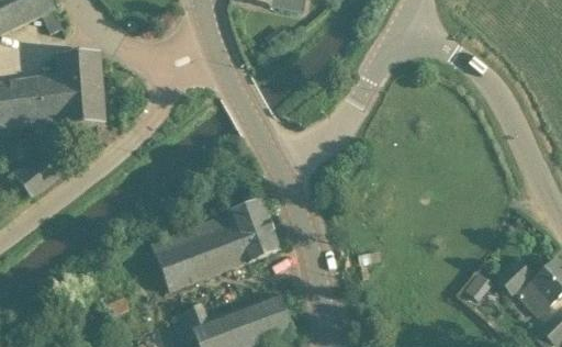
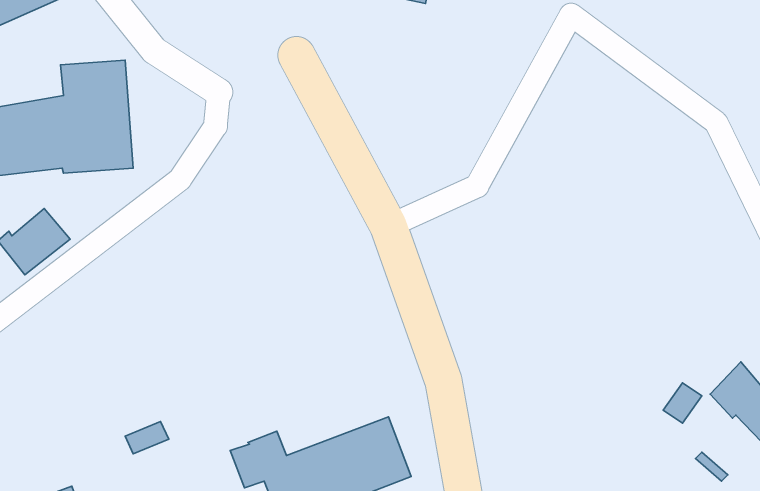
building: [150,198,279,290] -> none

